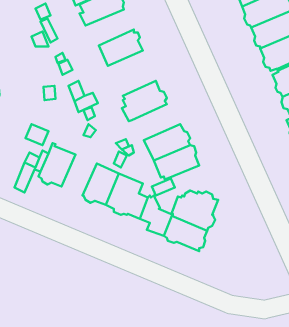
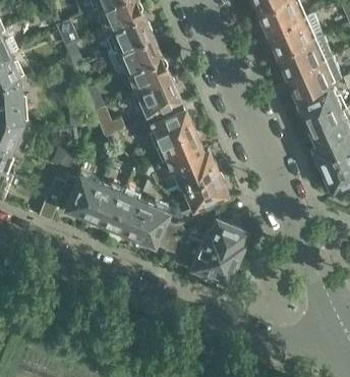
building: none -> [107,36,161,75]
building: none -> [134,77,179,114]
building: none -> [156,131,208,169]
building: none -> [88,182,123,225]

